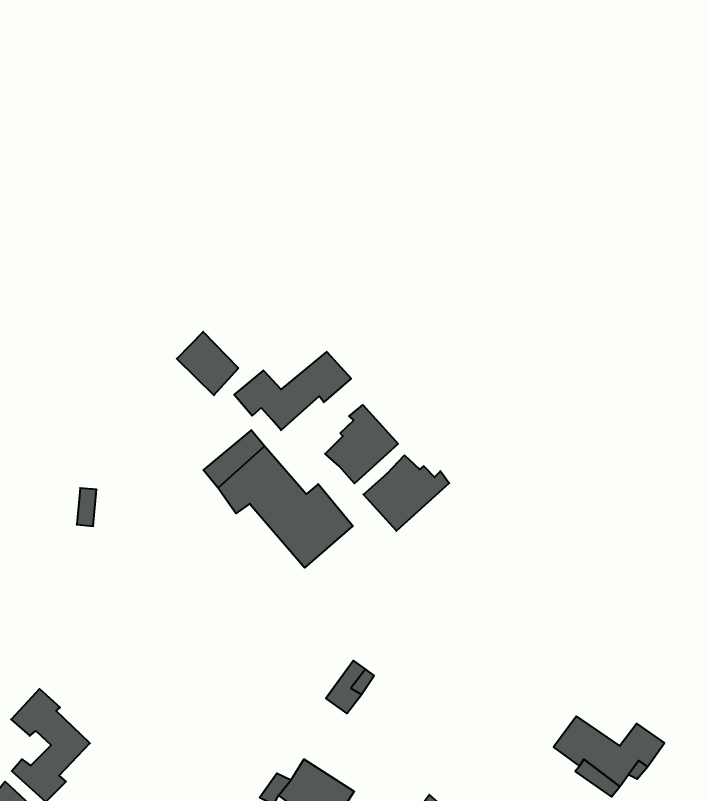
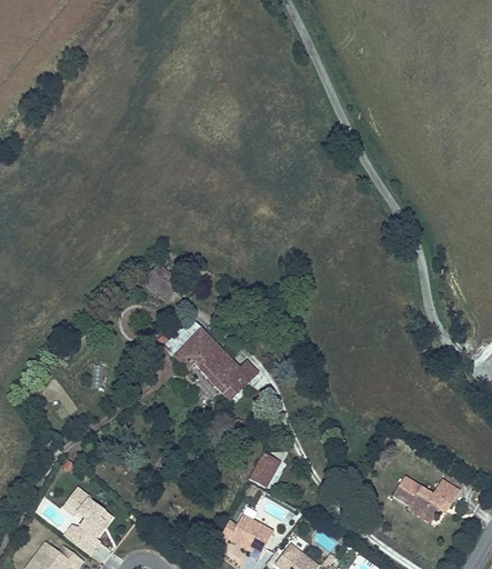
building: [234,352,351,430] -> none
building: [325,405,398,483] -> none
building: [363,455,449,531] -> none

